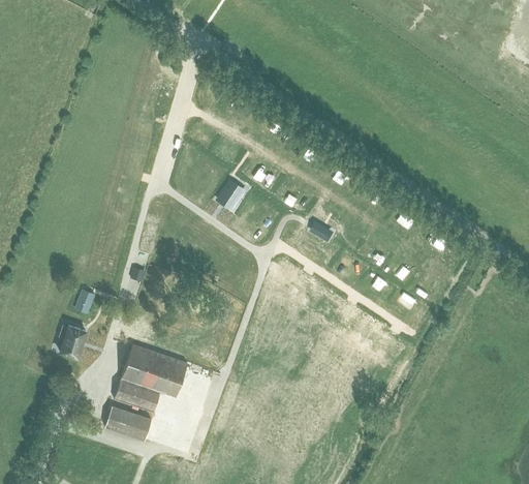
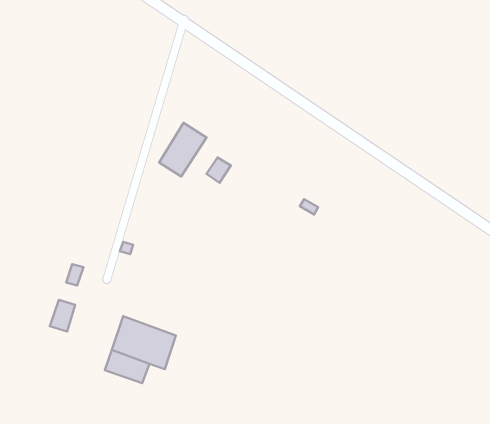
building: none -> [159,123,206,176]
building: [104,405,151,440] -> none

